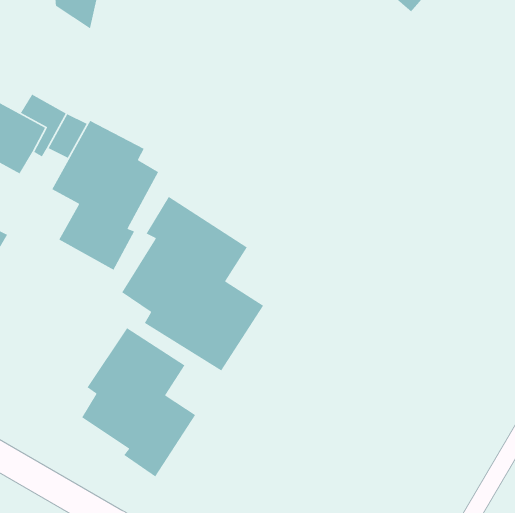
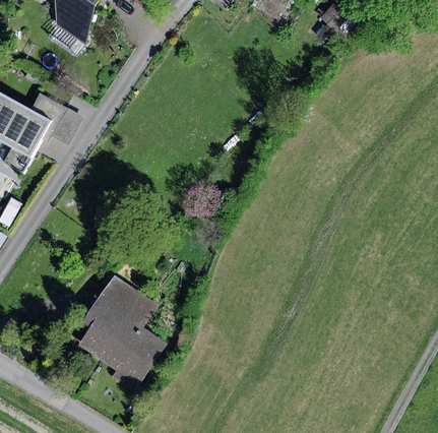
building: [51,120,159,271] -> none
building: [121,196,264,371] -> none

